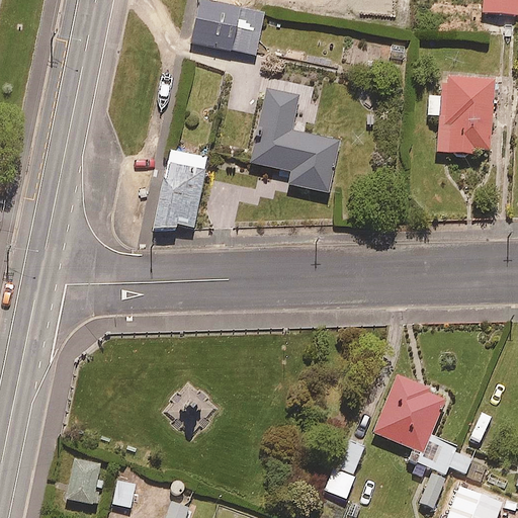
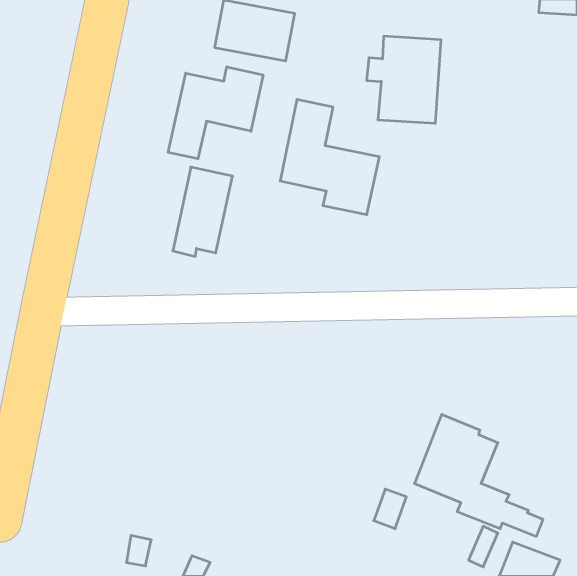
building: none -> [168,67,263,159]
building: [428,75,495,153] -> [367,36,441,123]
building: [68,457,101,503] -> none

